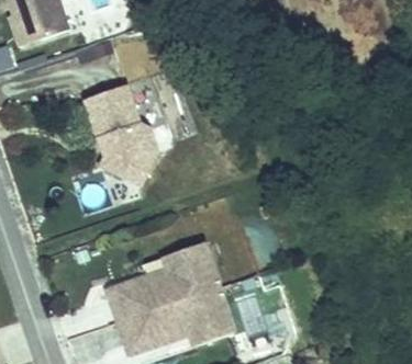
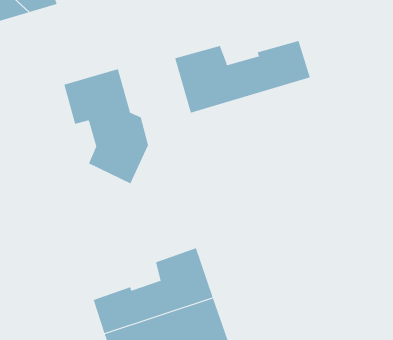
building: none -> [174,40,310,113]

